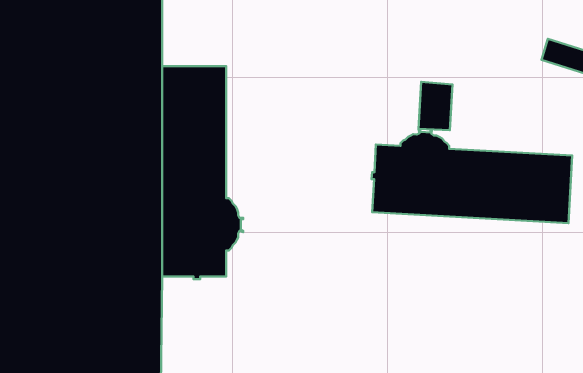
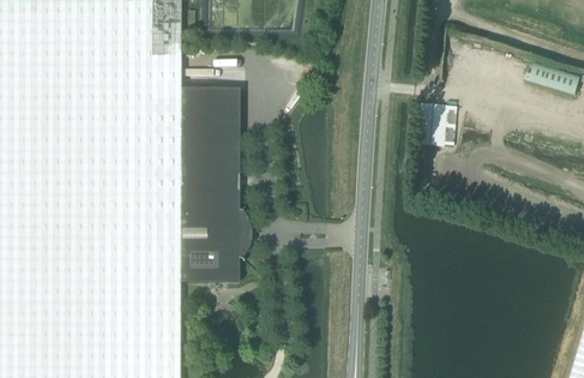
building: [372,129,572,223] -> none

